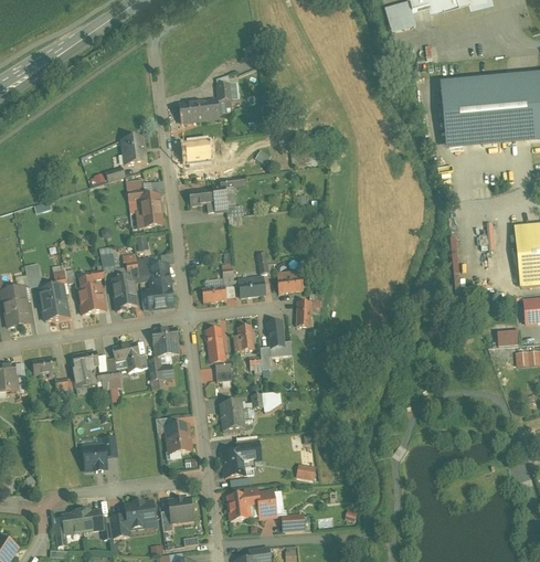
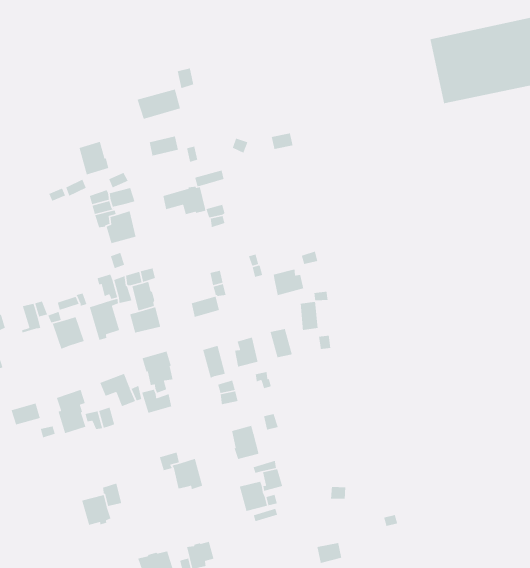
building: [239,275,265,296] -> none
building: [41,290,67,318] -> none
building: [227,488,276,519] -> none

